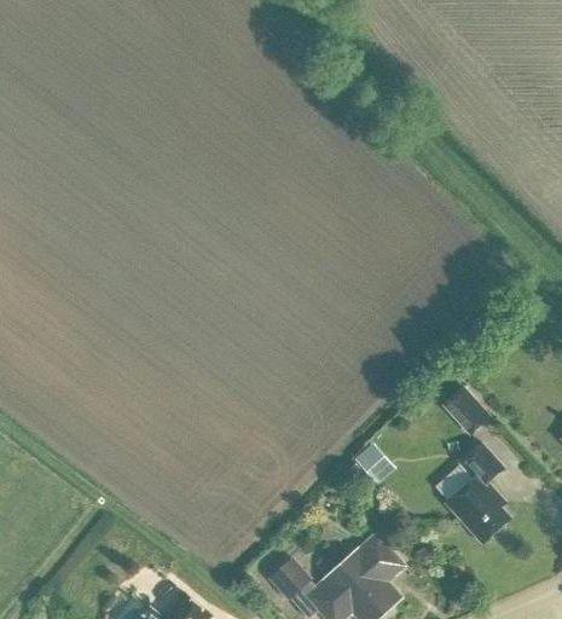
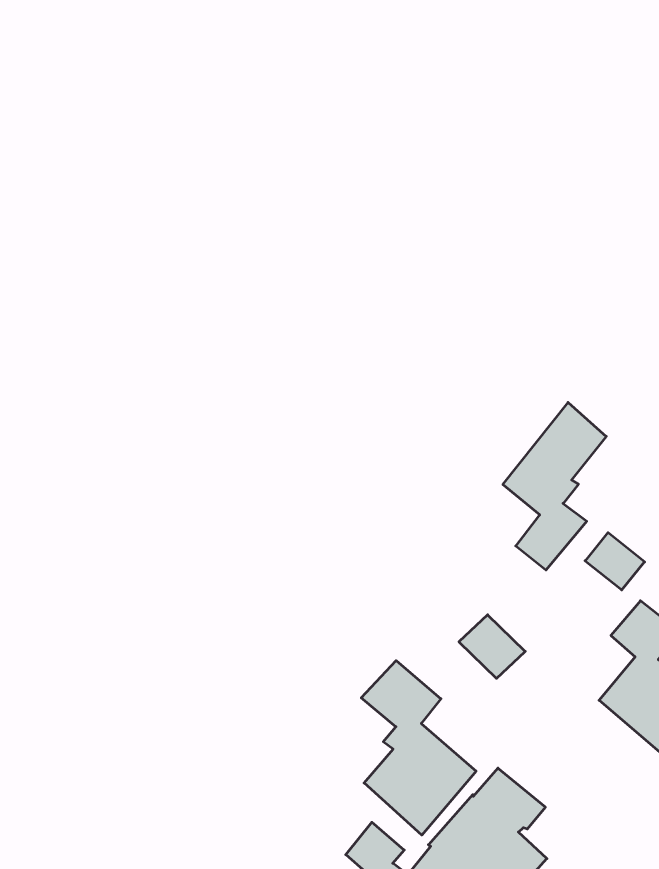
building: none -> [503,402,606,570]
building: none -> [361,661,476,835]

